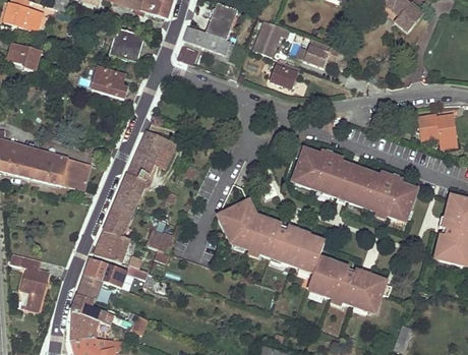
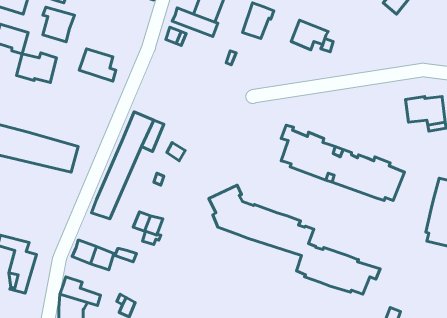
building: [114,27,145,62] -> [43,7,74,42]
building: [272,59,300,87] -> none
building: none -> [16,53,57,83]
building: [94,230,129,261] -> none
building: [78,274,103,300] -> none

